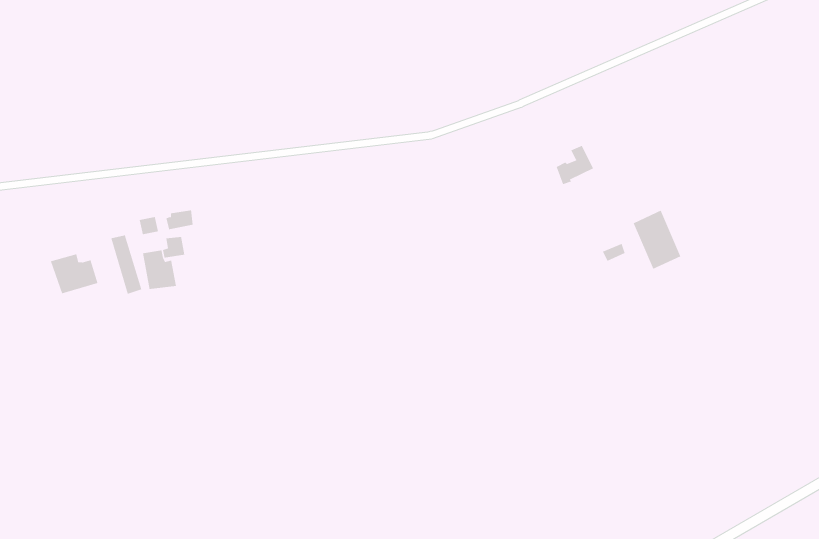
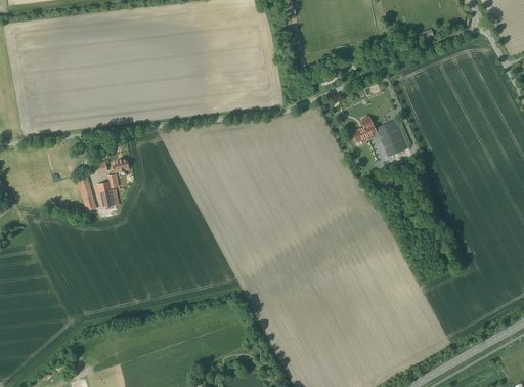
building: [633,210,681,270] -> [378,120,407,157]
building: [50,253,98,294] -> none

